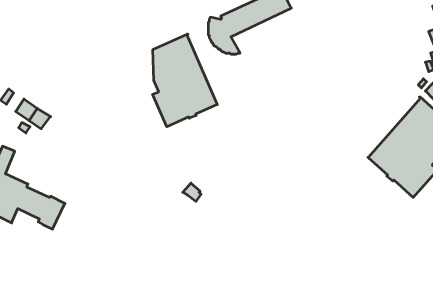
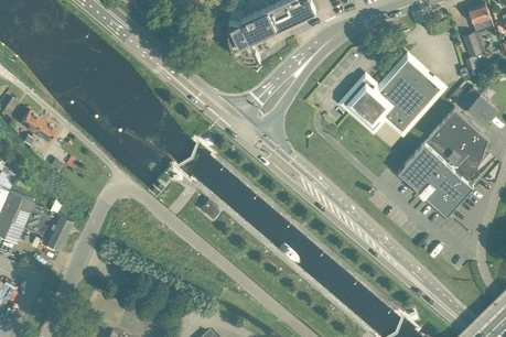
building: [153,34,217,127] -> none
building: none -> [345,55,443,133]

